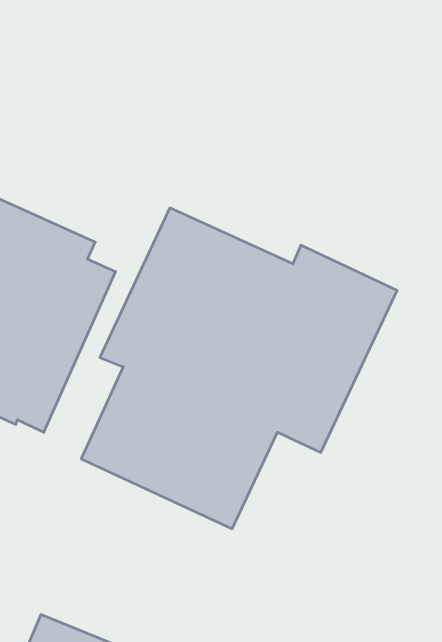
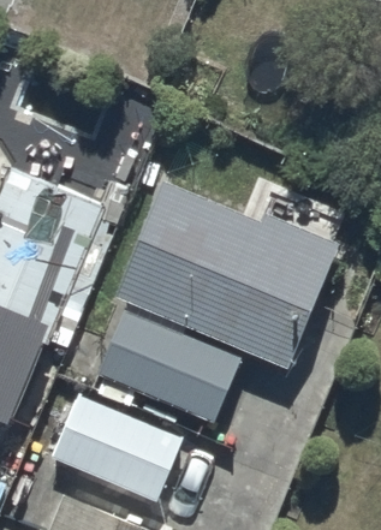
building: none -> [49,394,183,504]

